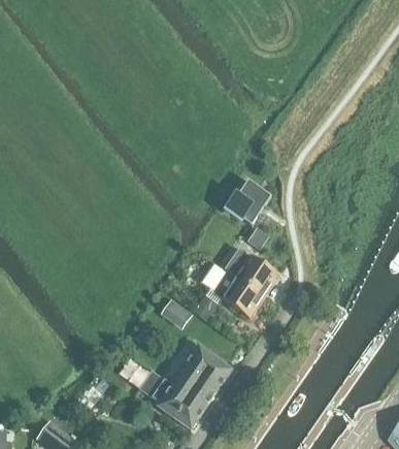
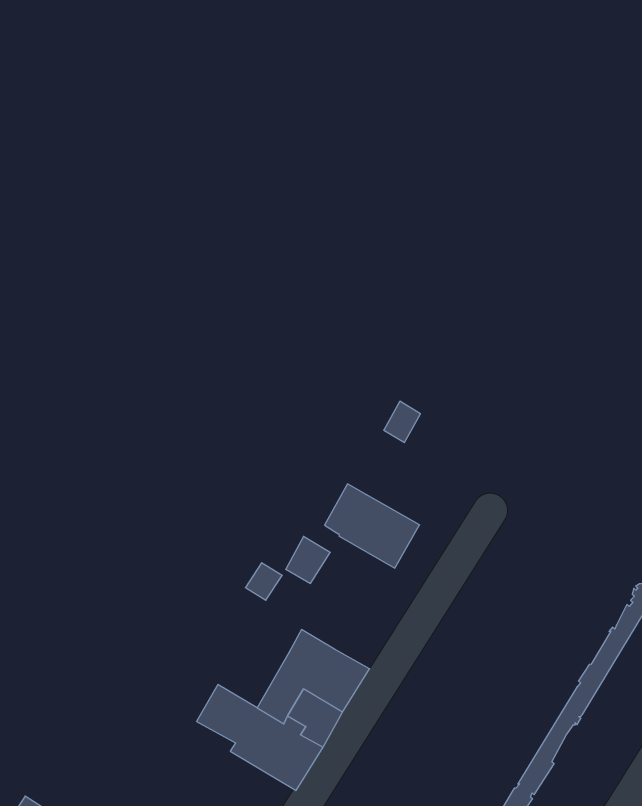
building: [231,180,270,224] -> none
building: [237,254,278,293] -> none

